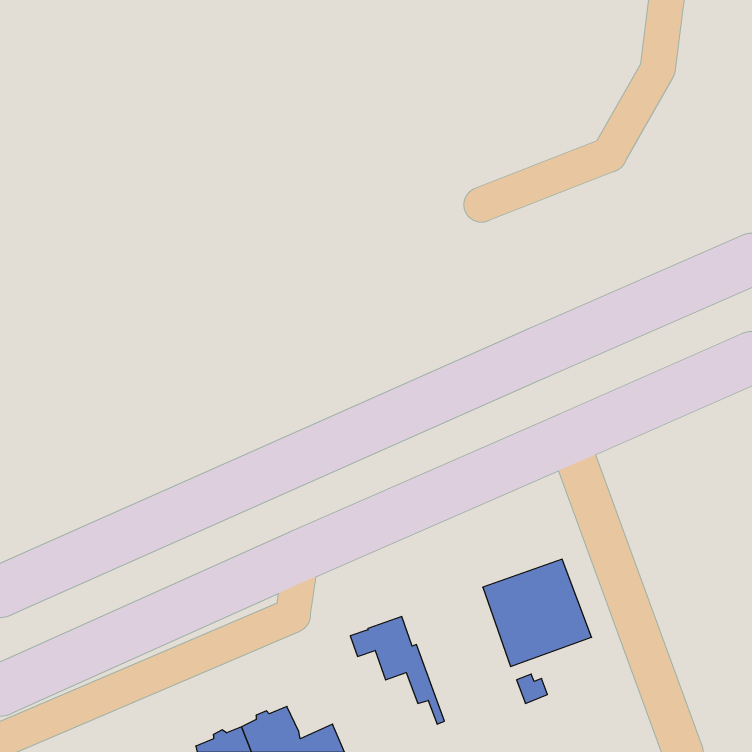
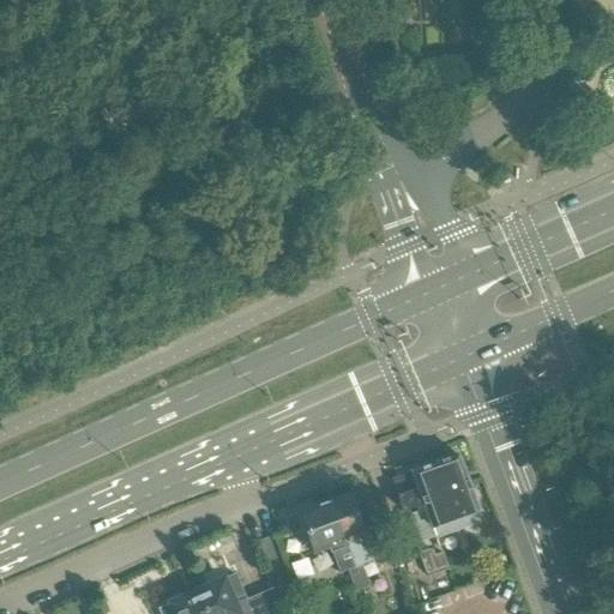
building: none -> [327,493,375,588]

